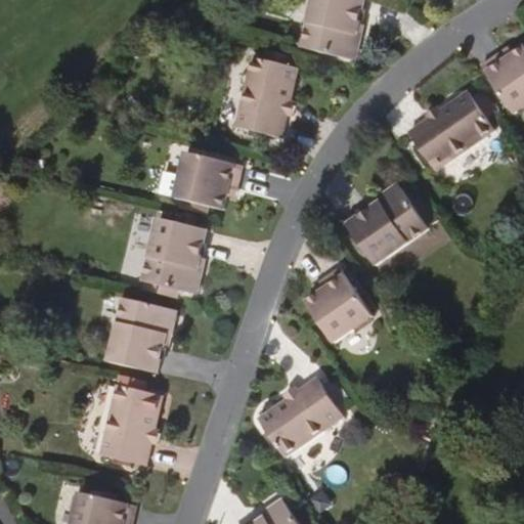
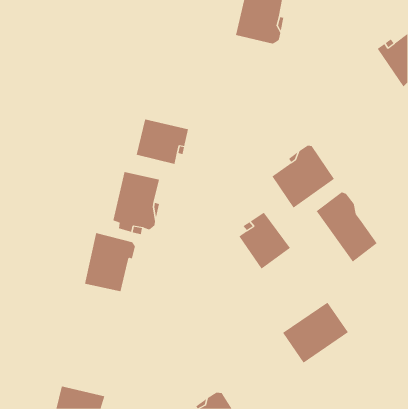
building: [235,50,295,134] -> none
building: [408,90,492,168] -> none
building: none -> [316,191,378,262]
building: [258,378,343,456] -> [282,302,349,363]
building: [99,384,162,466] -> none

